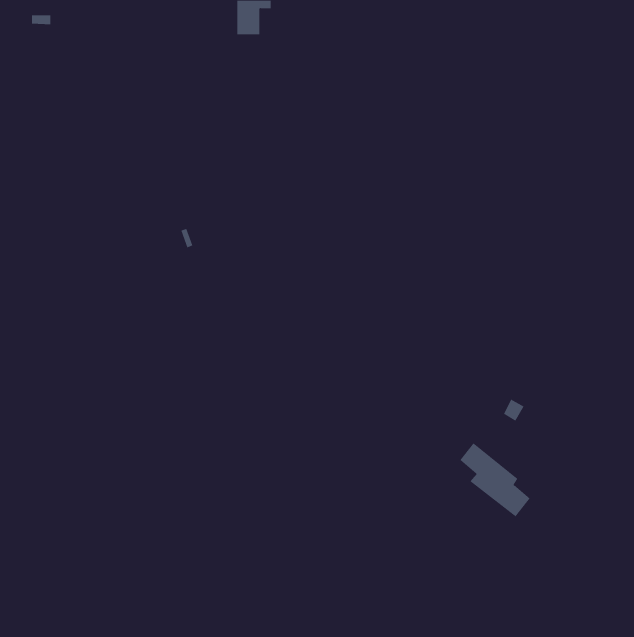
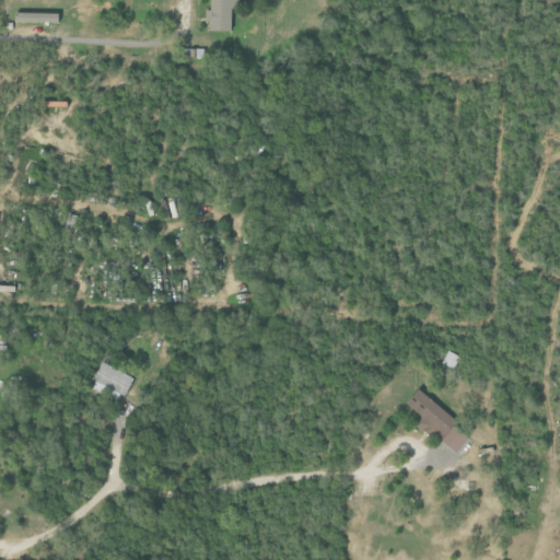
building: none -> [92,362,135,402]

